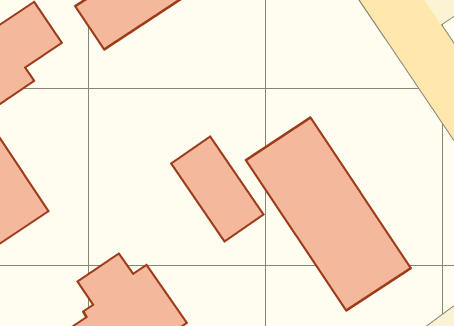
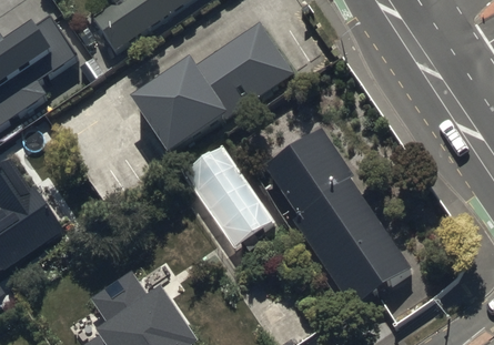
building: none -> [134,18,296,160]

